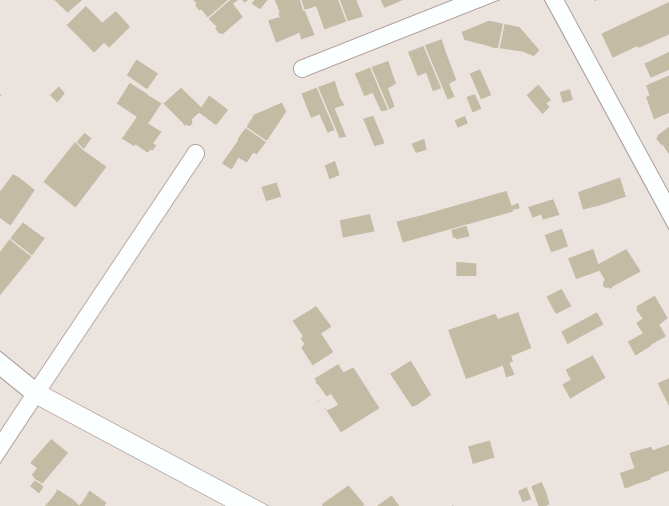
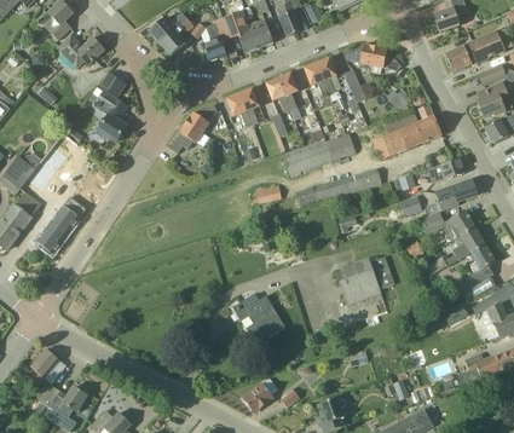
building: [162,87,229,127] -> none
building: none -> [372,105,443,160]
building: none -> [283,133,356,175]
building: none -> [435,179,479,210]
building: none -> [36,196,87,254]
building: [291,305,334,366] -> none
building: [562,355,607,400] -> [452,227,485,260]
building: [389,360,432,408] -> none

